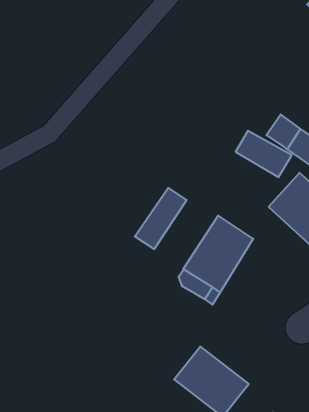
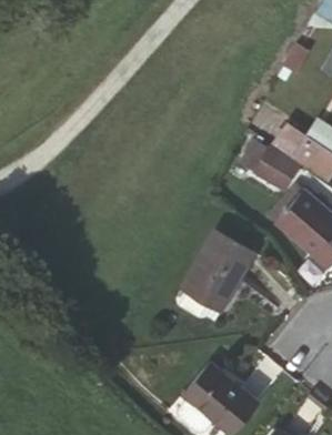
building: [135,188,186,249] -> none

